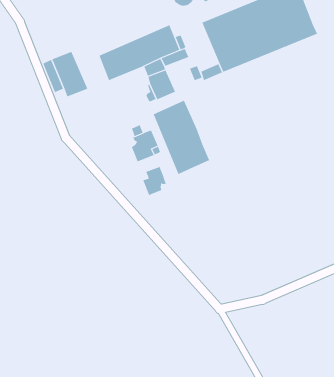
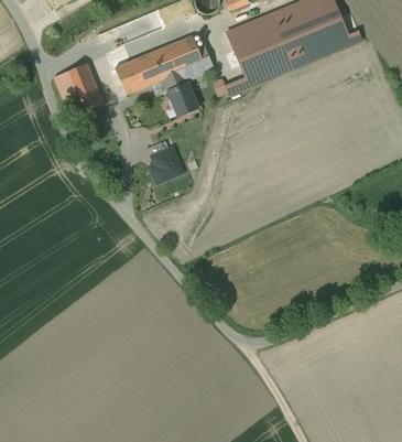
building: [152,100,210,175] -> none
building: [142,166,167,196] -> none

